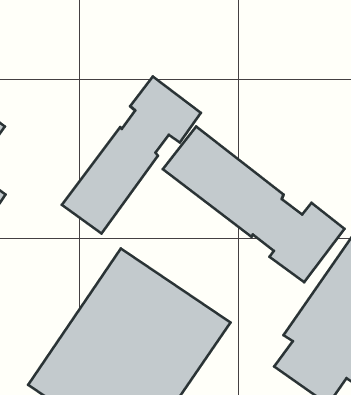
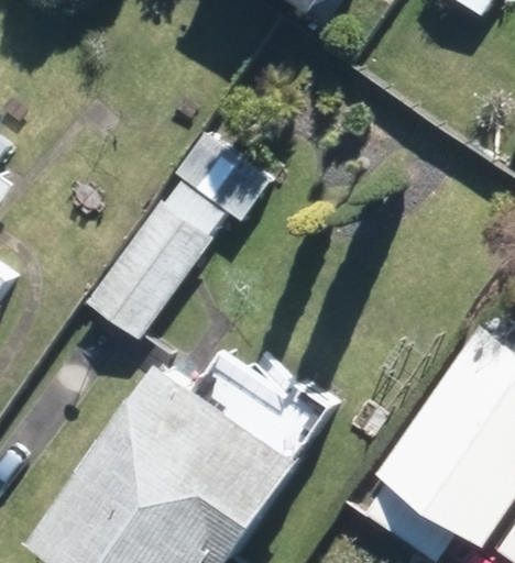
building: [163,127,344,282] -> none

